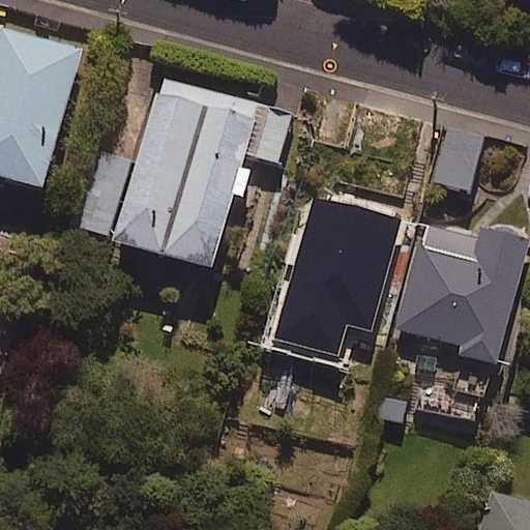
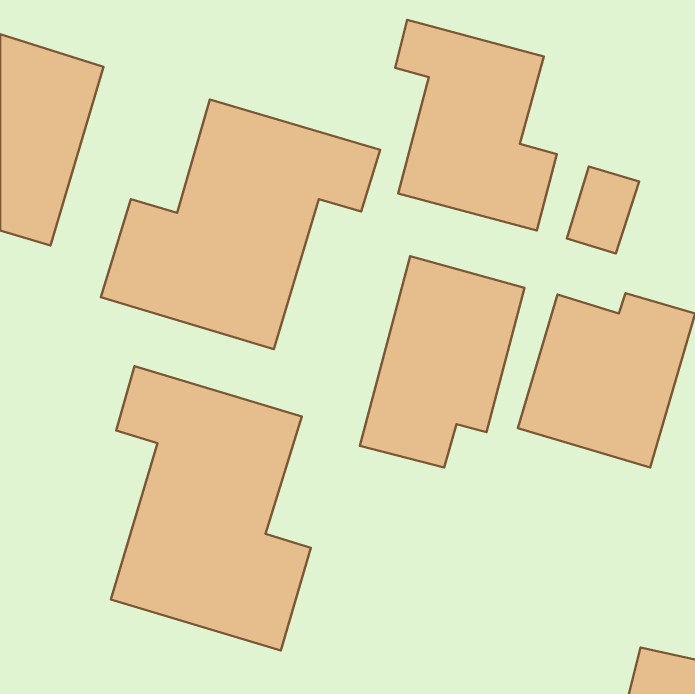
building: none -> [395,20,557,230]
building: none -> [111,366,311,650]

